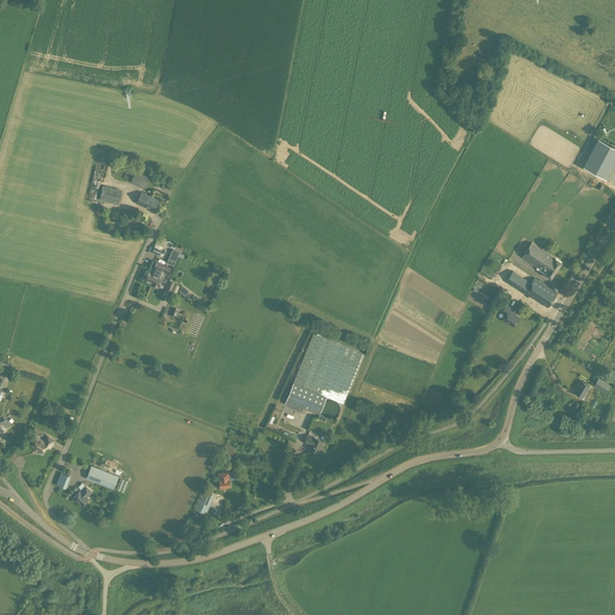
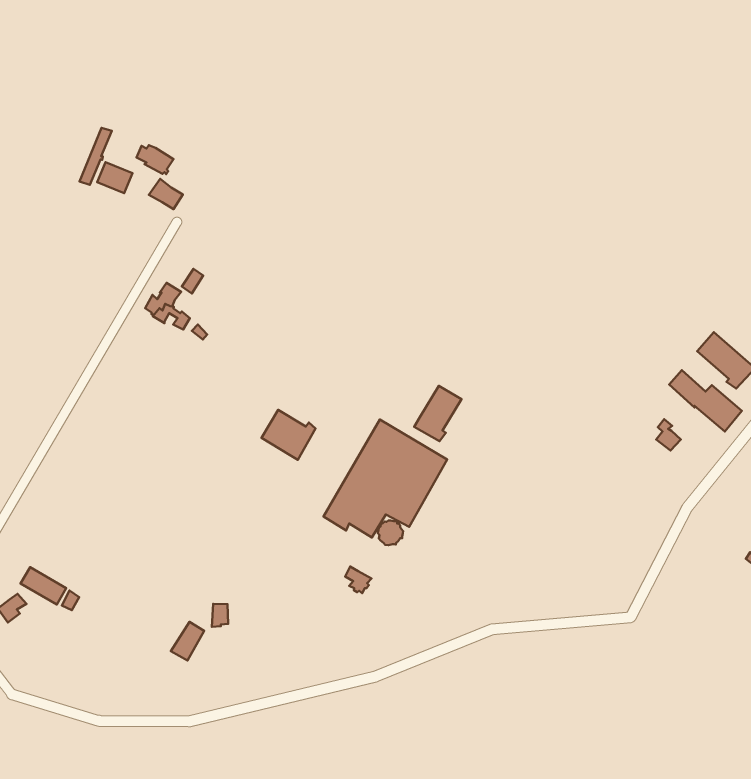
building: none -> [414,386,461,441]
building: none -> [262,410,316,460]

